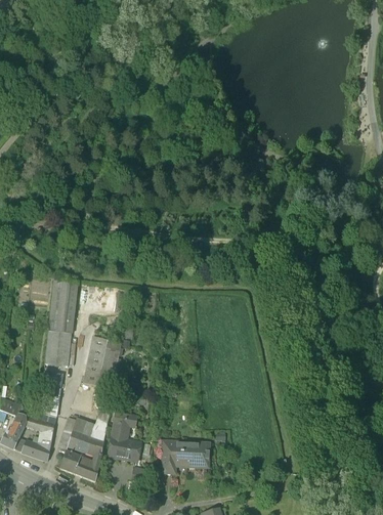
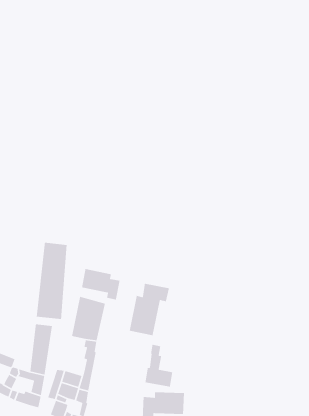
building: none -> [81,268,121,301]
building: none -> [129,283,170,336]
building: [108,414,139,462] -> [144,344,173,388]

